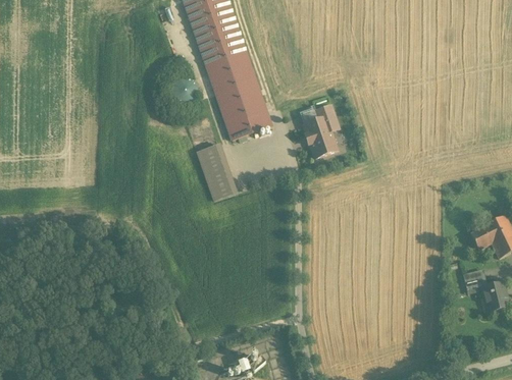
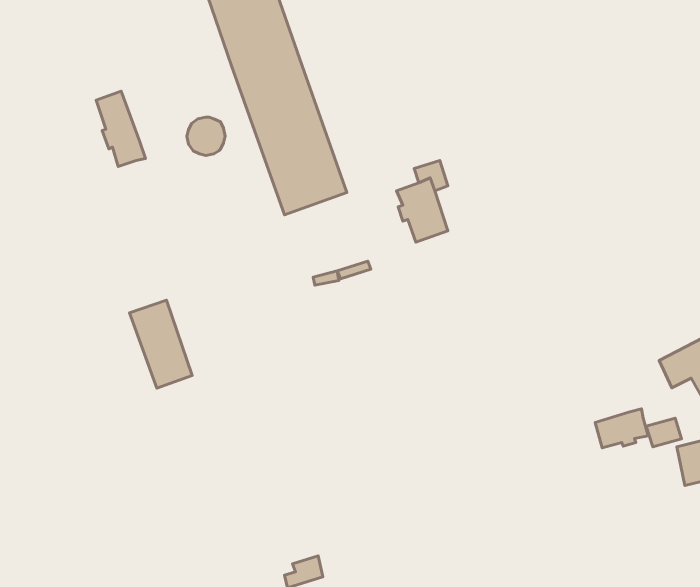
building: none -> [96,91,146,167]
building: [197,143,237,199] -> [130,300,192,388]
building: none -> [595,409,648,448]

